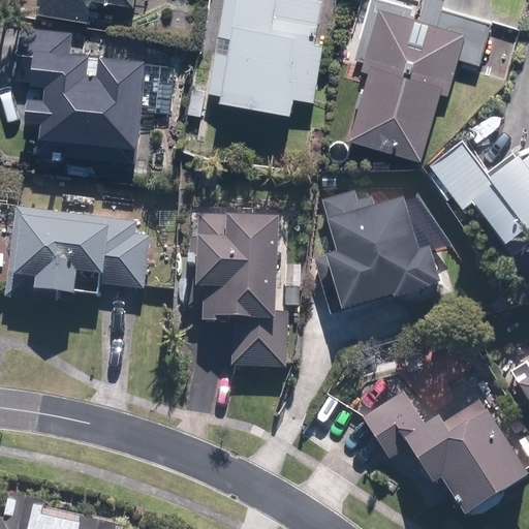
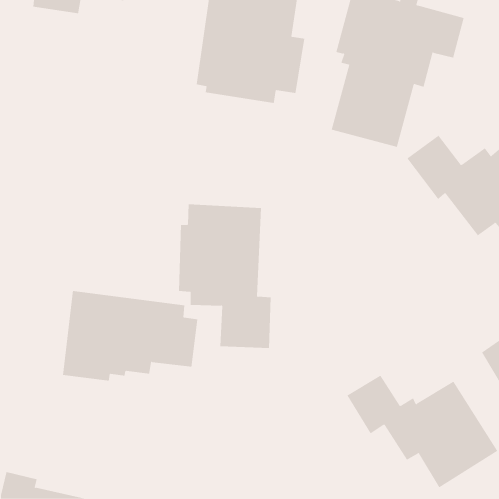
building: [20,25,148,159] -> none
building: [317,189,438,313] -> none
building: [8,206,151,301] -> [62,291,198,381]

